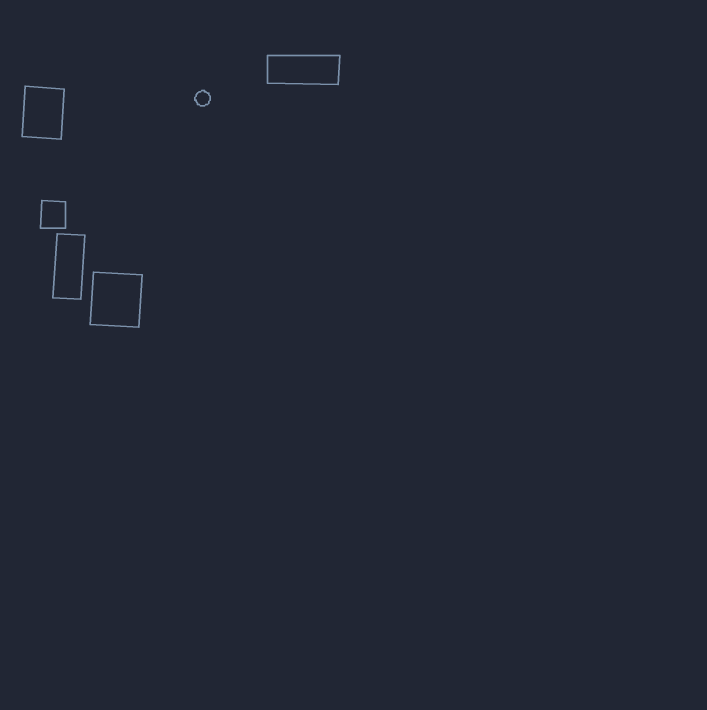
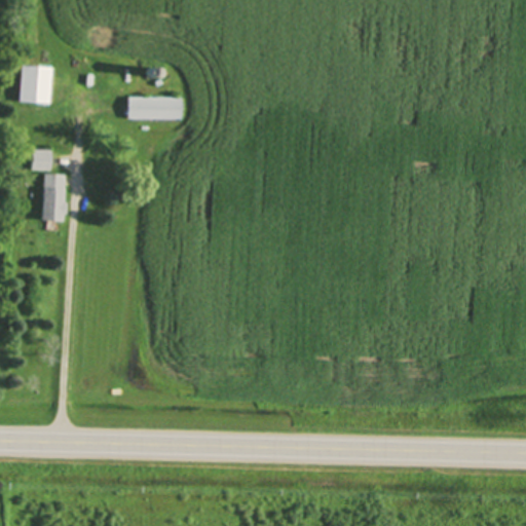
building: [267,55,340,85] -> [129,99,183,120]
building: [90,272,142,327] -> none

